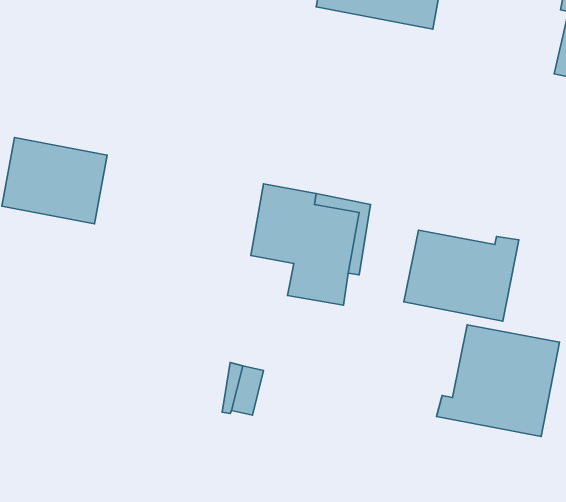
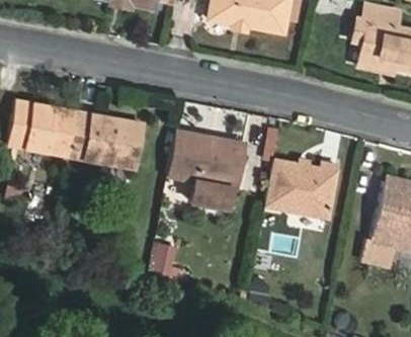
building: none -> [69,112,143,168]
building: [437,325,559,436] -> none

